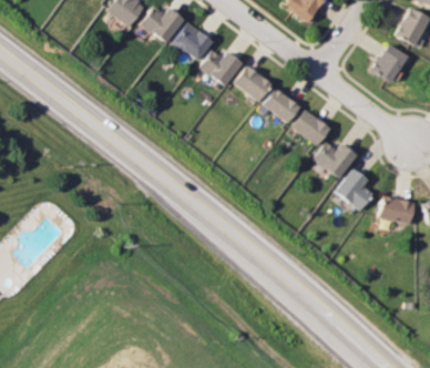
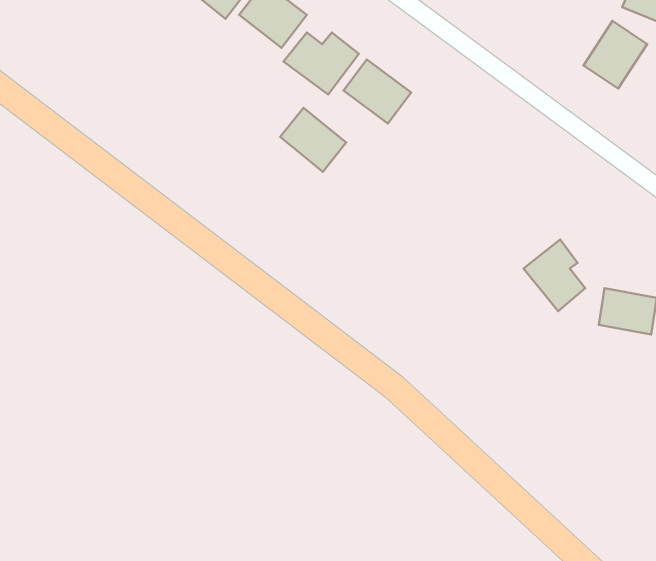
building: [263,88,300,124] -> [280,108,346,172]
building: [293,110,330,146] -> none
building: [314,143,358,178] -> none

